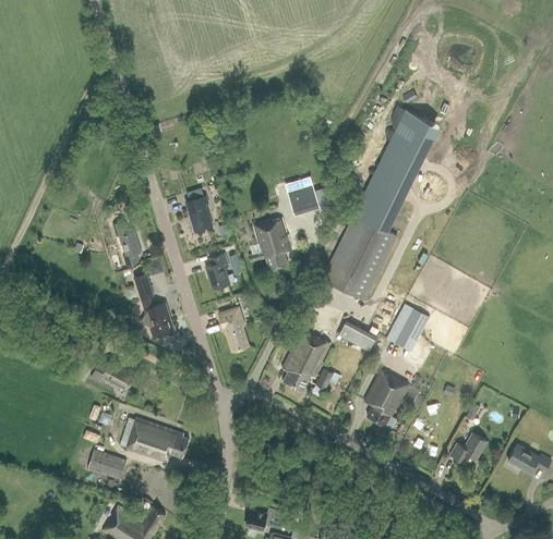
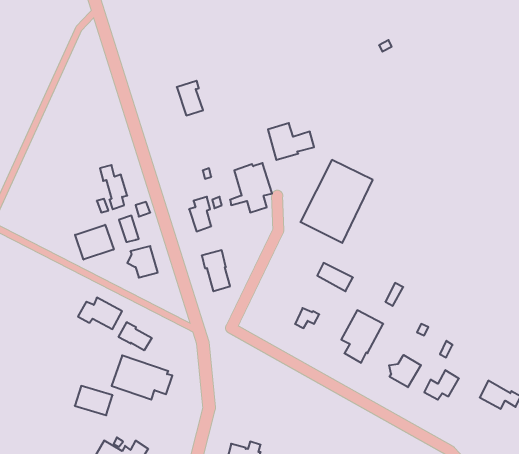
building: [354,110,437,229] -> none
building: [184,196,212,232] -> [177,81,203,115]
building: none -> [75,225,114,260]
building: [388,303,431,350] -> none
building: [280,330,330,392] -> none
building: none -> [119,322,152,350]
building: none -> [389,355,421,387]

